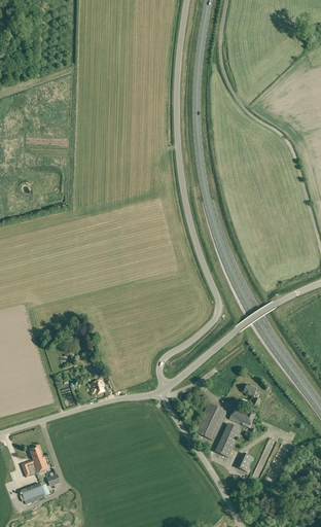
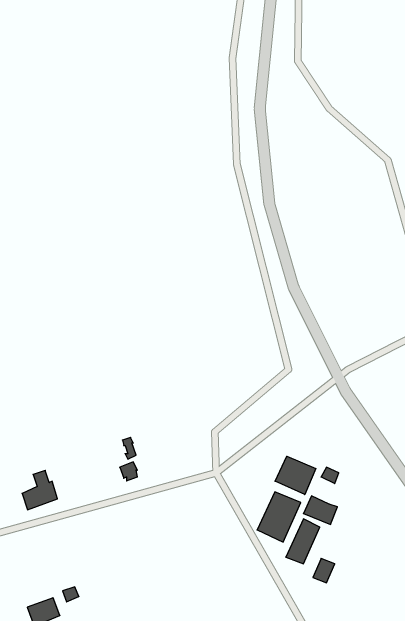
building: none -> [275,456,316,495]
building: [22,447,48,477] -> [22,470,57,510]

